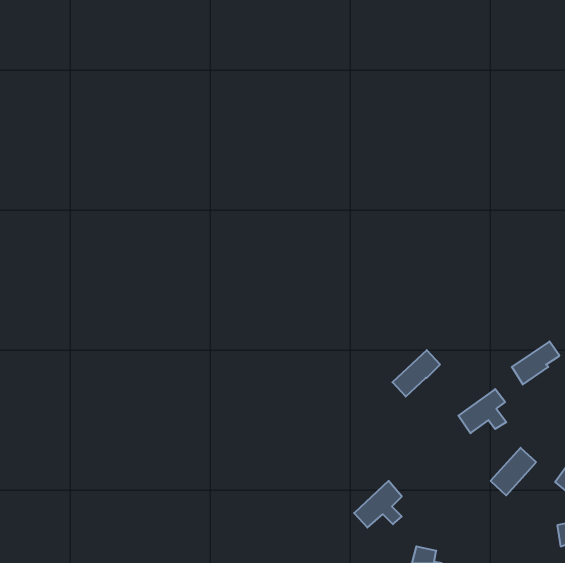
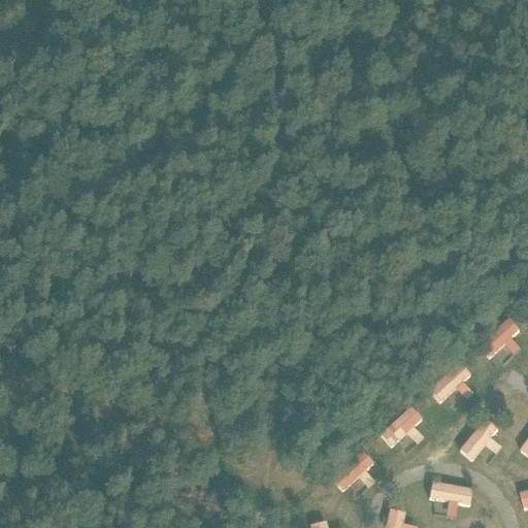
building: [392,350,440,397] -> [380,404,424,448]
building: none -> [428,483,472,516]

